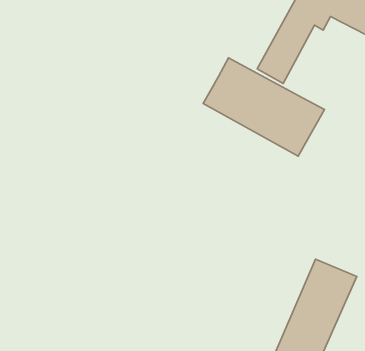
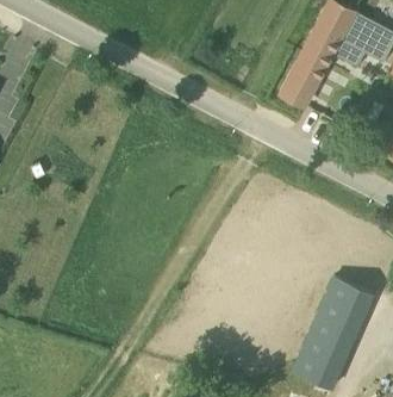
building: [203,58,324,156] -> none

